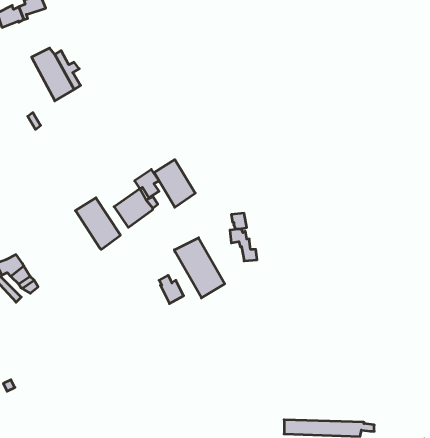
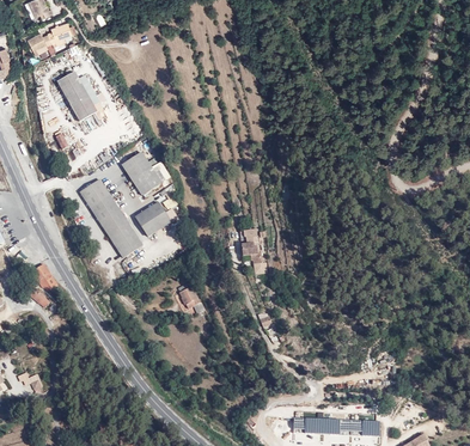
building: [154,160,195,207] -> [122,155,160,200]
building: none -> [79,182,117,225]
building: [174,238,225,298] -> none

